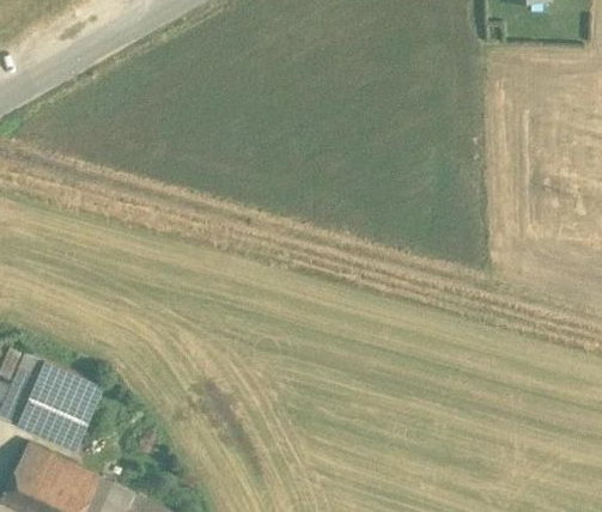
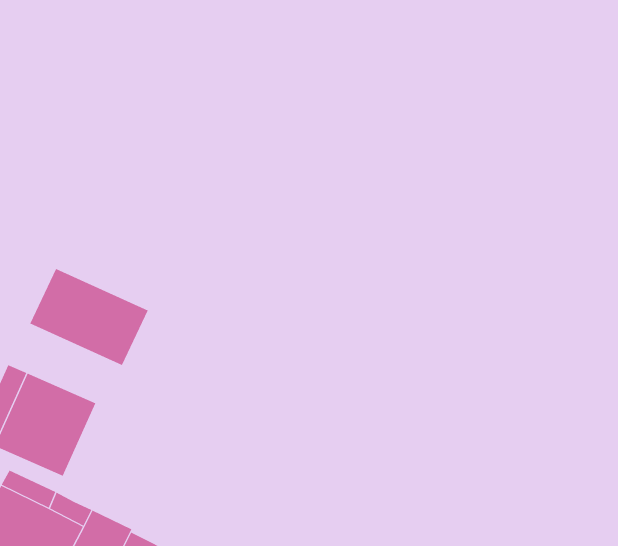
building: none -> [30,268,148,366]

